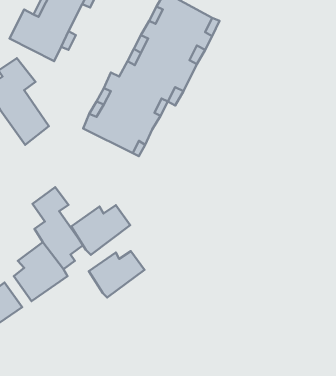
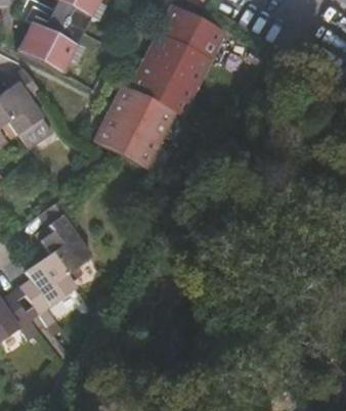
building: [71,205,130,255] -> none
building: [89,251,145,298] -> none

